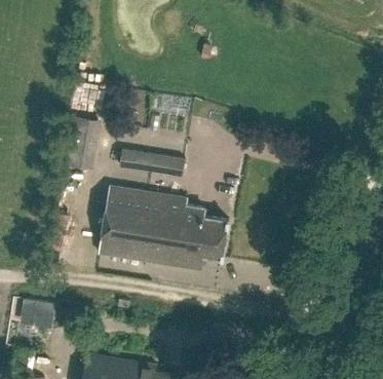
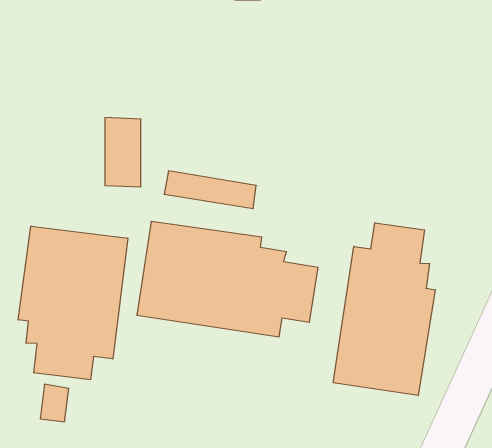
building: none -> [333,223,435,396]
building: none -> [18,226,128,380]

